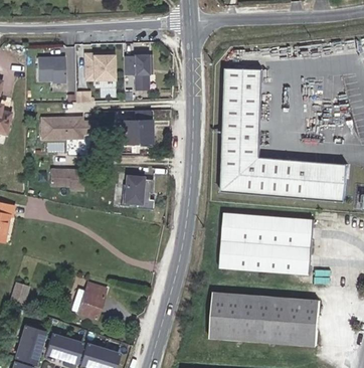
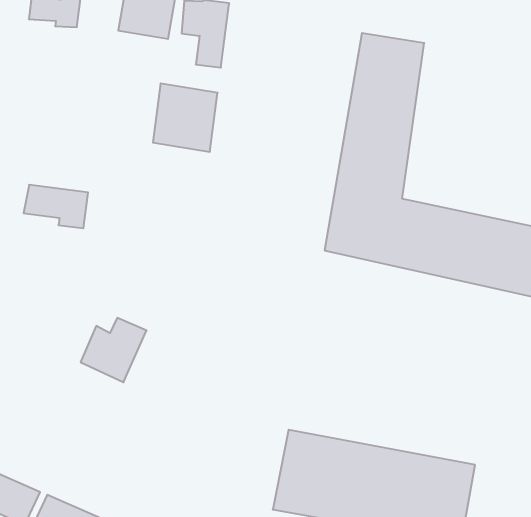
building: [39,122,99,142] -> none
building: [122,177,155,210] -> none
building: [216,211,314,275] -> none
building: [70,283,105,318] -> [81,318,147,382]

